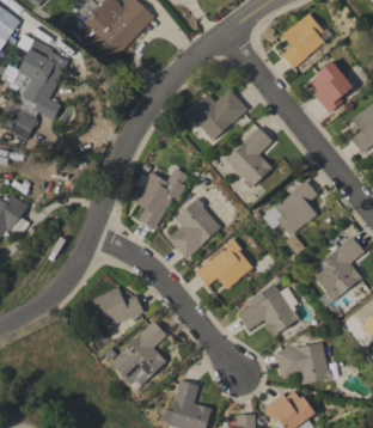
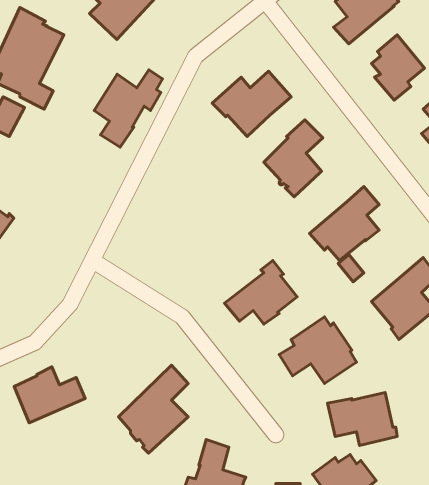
building: [133,167,186,228] -> [94,70,162,147]
building: [167,197,221,258] -> none
building: [87,286,143,330] -> [14,367,85,423]

